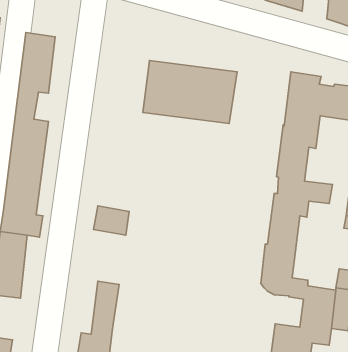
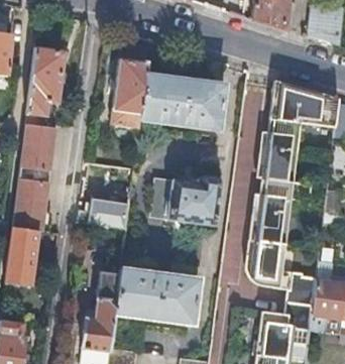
building: none -> [112,45,151,129]
building: none -> [151,173,221,230]
building: none -> [114,268,200,324]

